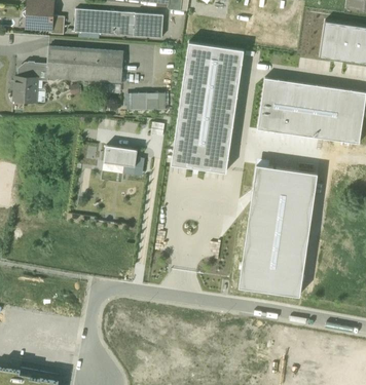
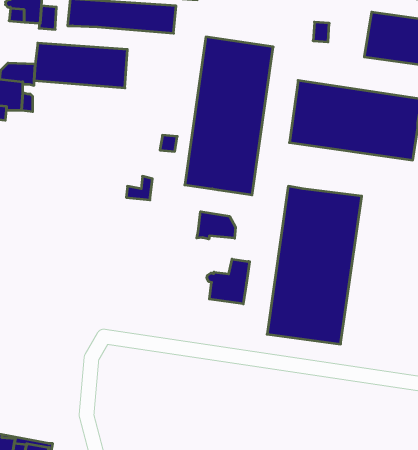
building: [130,93,166,111] -> none
building: [104,146,137,167] -> none
building: none -> [197,212,235,239]
building: none -> [207,259,250,304]

